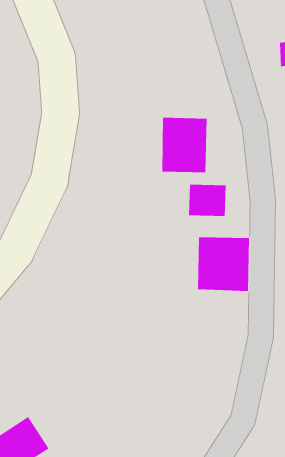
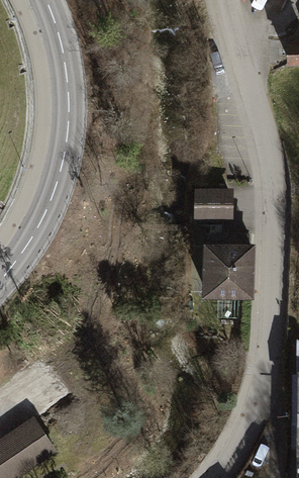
building: [162,117,207,173] -> none

